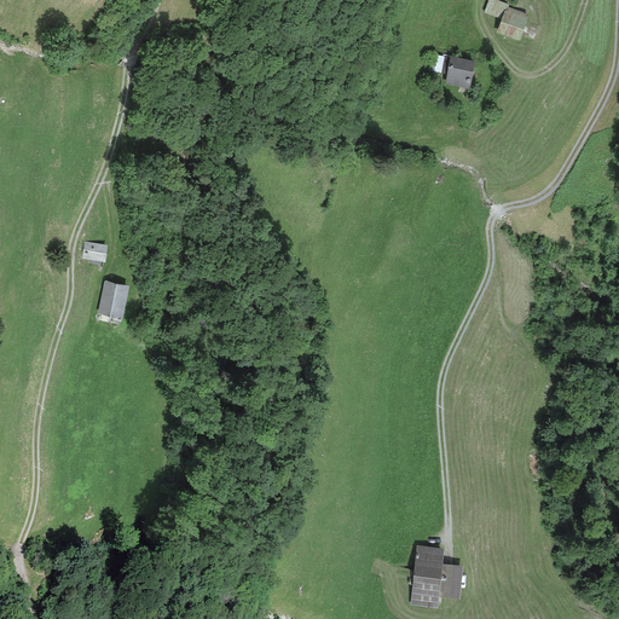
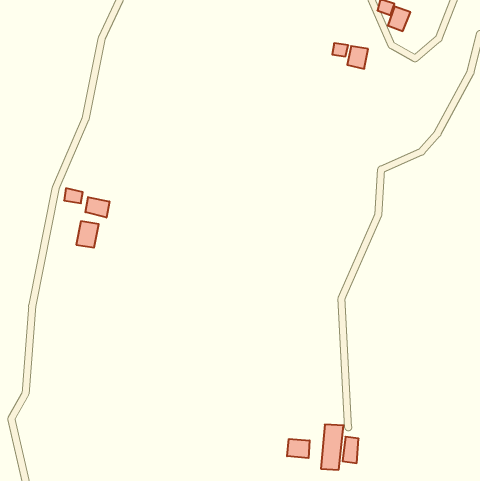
building: none -> [85,197,109,218]
building: none -> [287,439,310,458]

